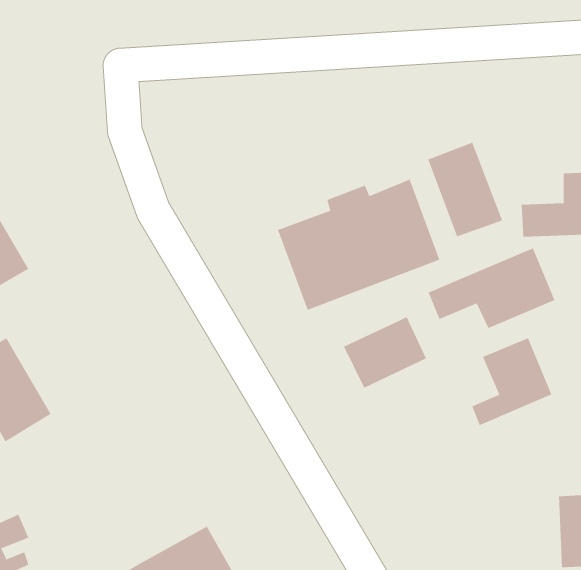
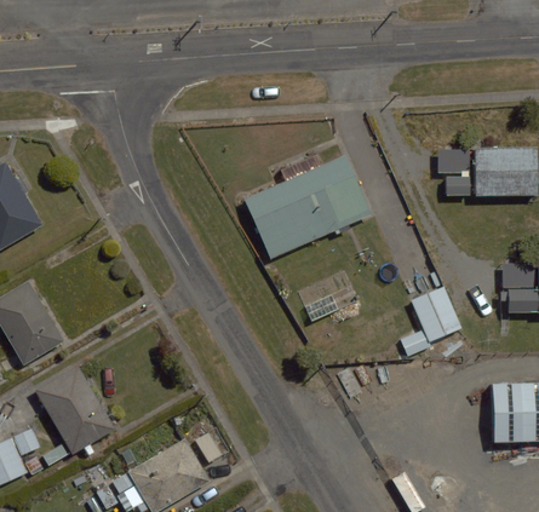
building: [428,142,503,237] -> none
building: [428,248,555,329] -> none
building: none -> [35,364,115,453]

